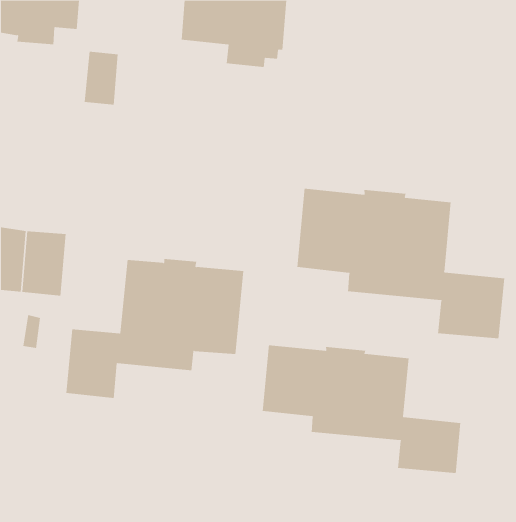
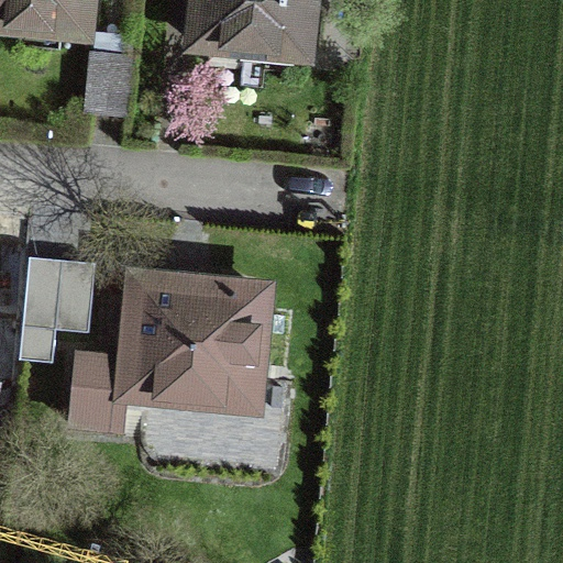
building: [297,188,505,339] -> none
building: [262,344,461,474] -> none

